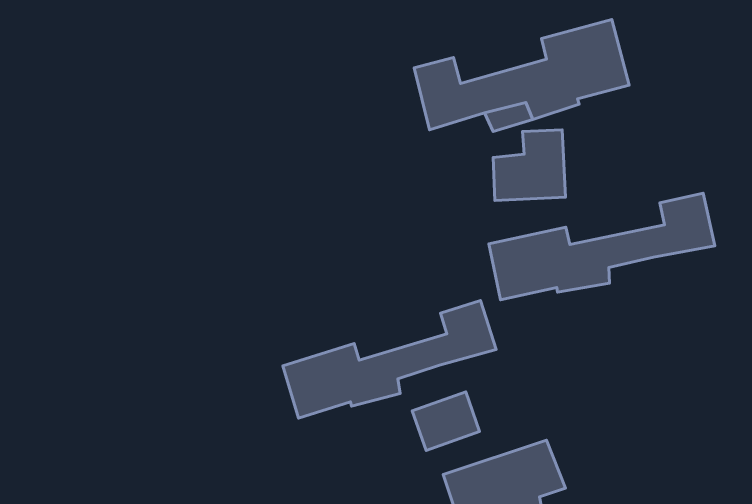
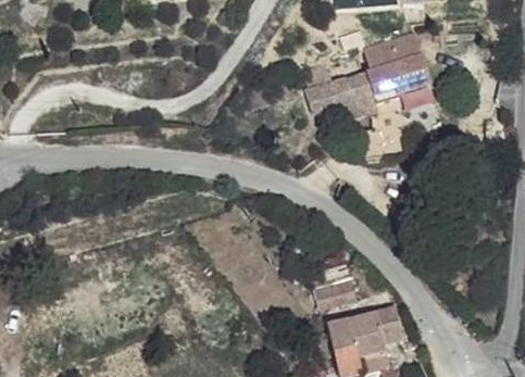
building: [489,193,715,300] -> none
building: [283,300,496,418] -> none

